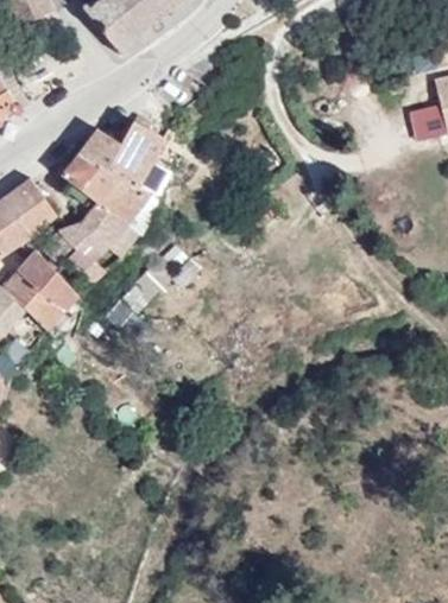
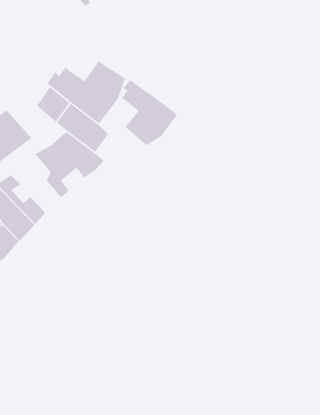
building: none -> [121,80,178,146]

